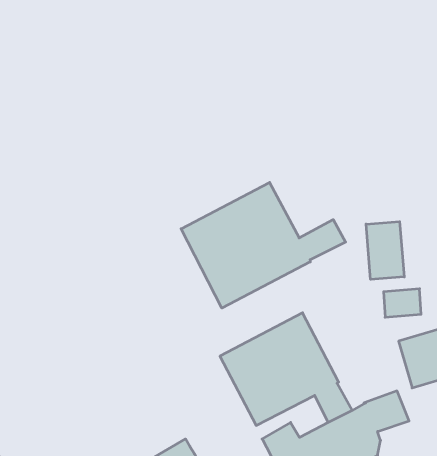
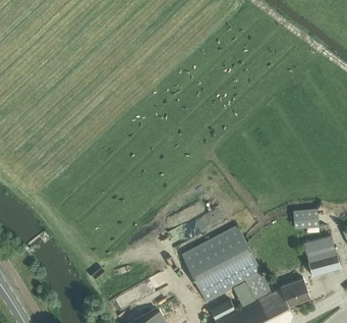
building: [181,182,346,308] -> none
building: [366,222,404,279] -> none

